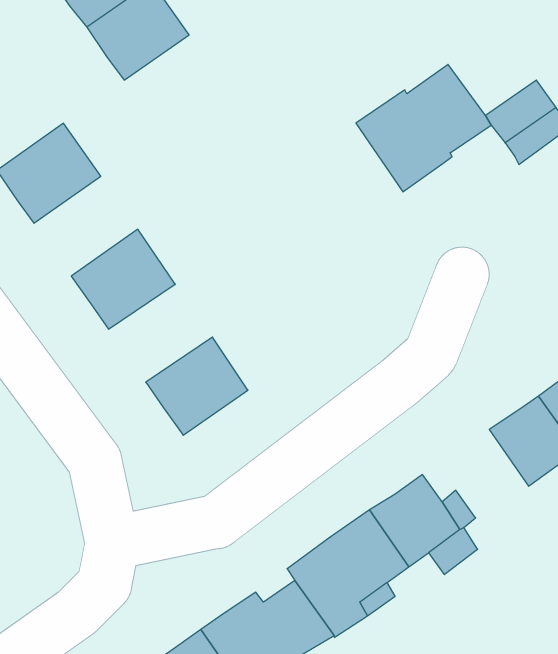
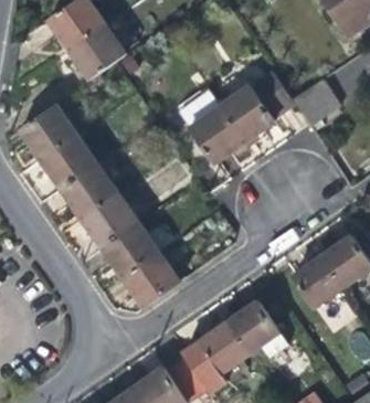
building: none -> [176,85,246,161]
building: none -> [39,131,97,188]
building: none -> [81,192,139,247]
building: none -> [123,252,179,306]

